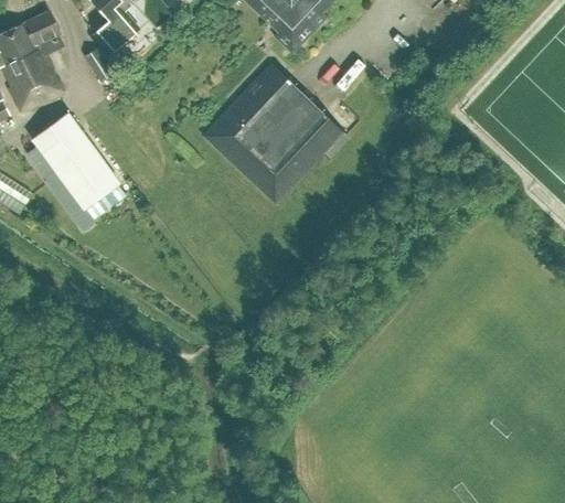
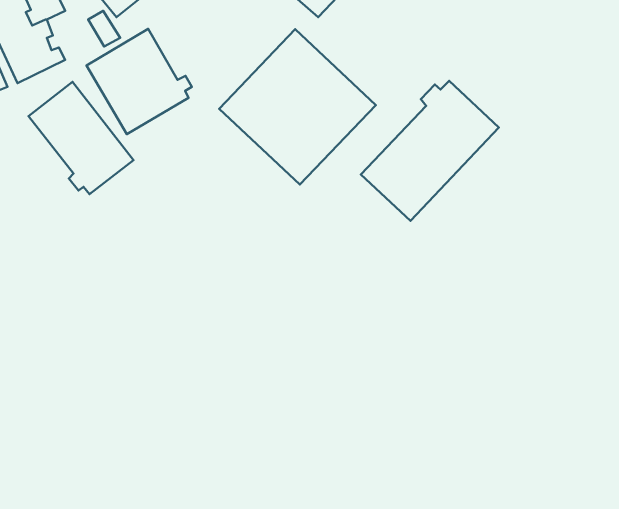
building: none -> [86,29,192,134]
building: none -> [361,81,499,221]

